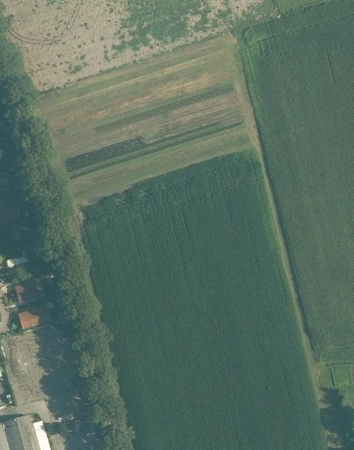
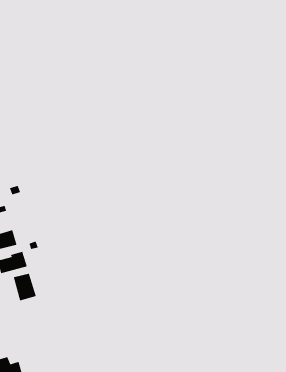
building: none -> [13,273,37,301]

